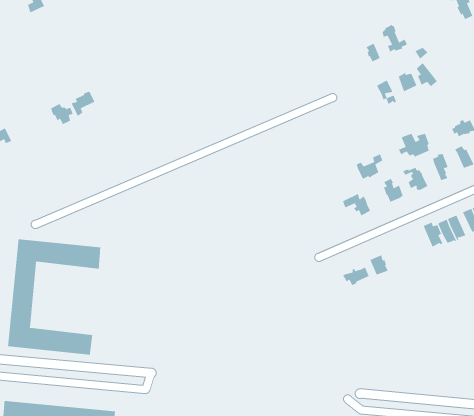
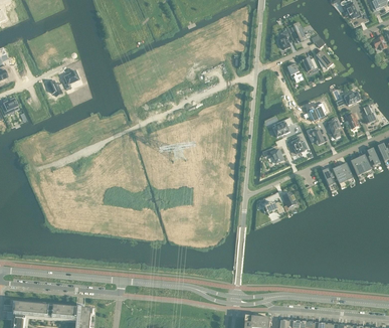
building: [7,238,101,356] -> none

